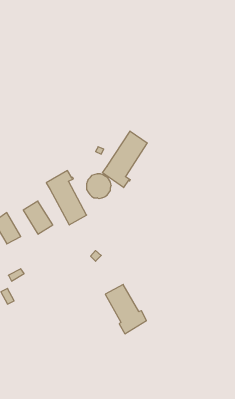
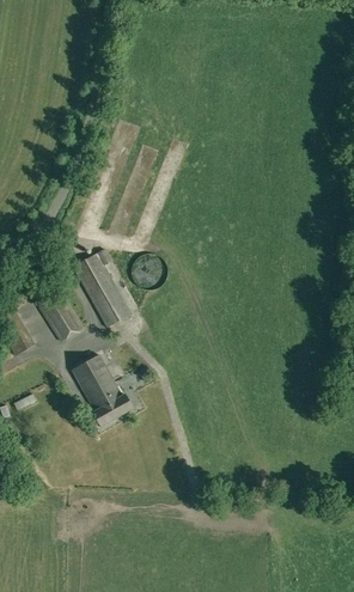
building: [102,131,147,188] -> none
building: [105,284,146,334] -> [73,355,133,427]

